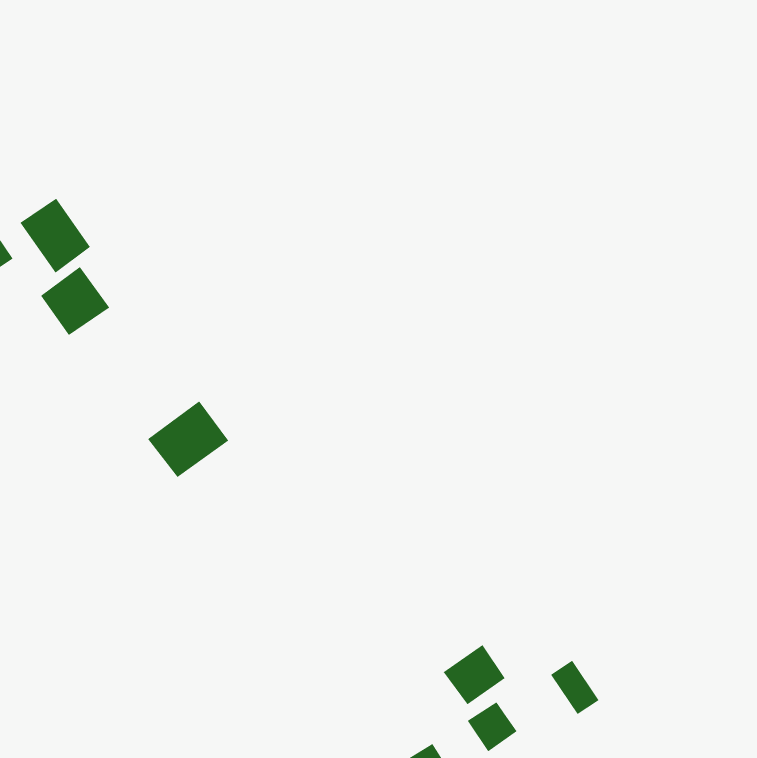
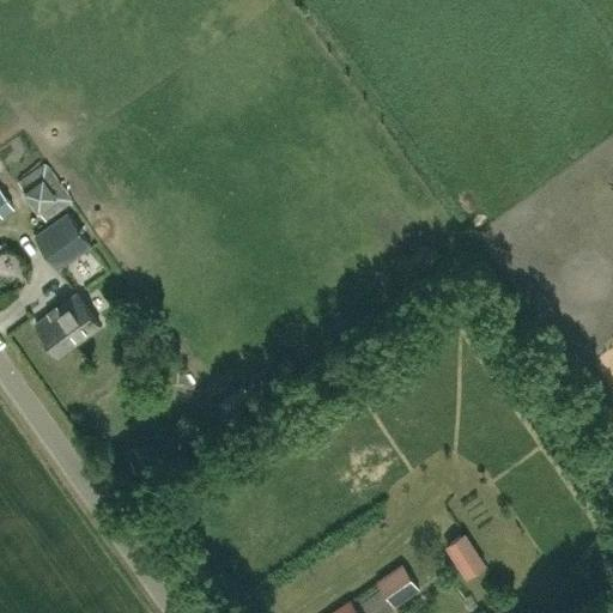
building: [147,401,229,478] -> [35,296,101,358]
building: [443,644,505,705] -> none

